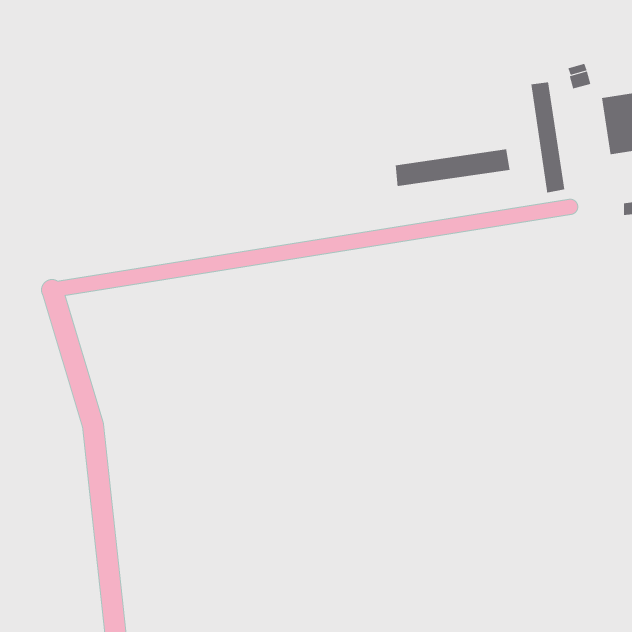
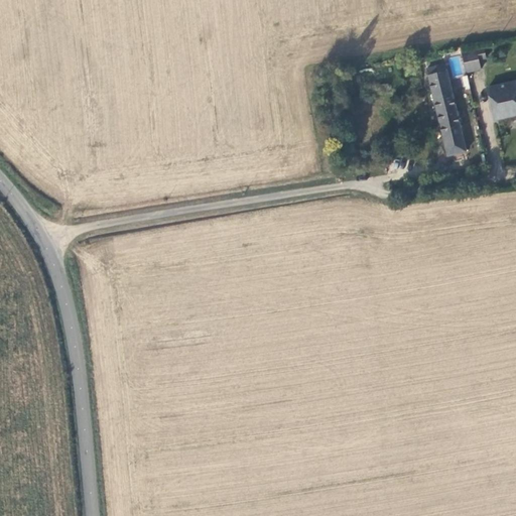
building: [395,148,510,187] -> none

